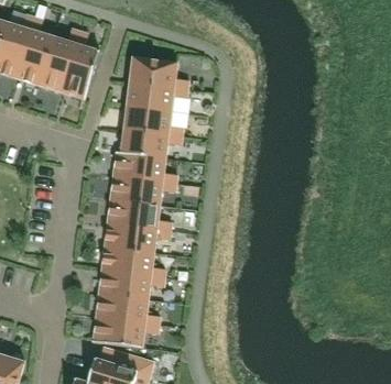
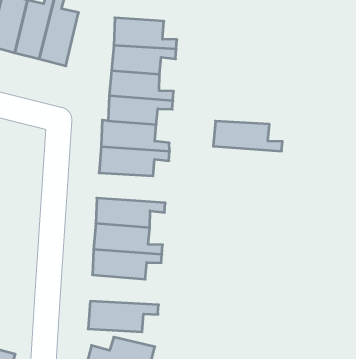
building: [107,199,171,230] -> [213,121,282,151]
building: [96,293,160,323] -> none

